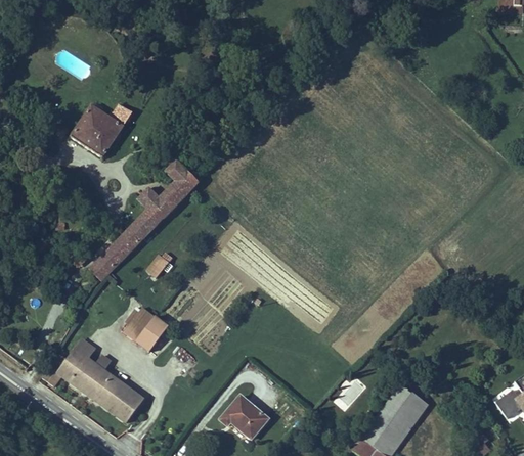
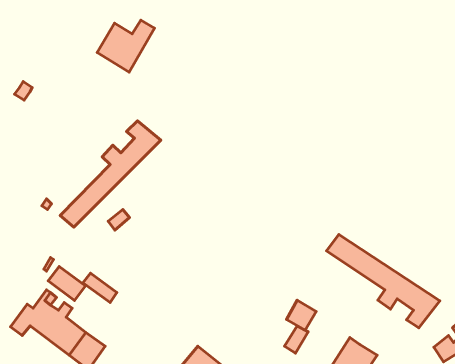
building: [70,100,130,154] -> [97,20,155,72]
building: none -> [327,235,440,328]
building: [128,306,167,341] -> [48,266,85,301]
building: none -> [286,300,316,330]

